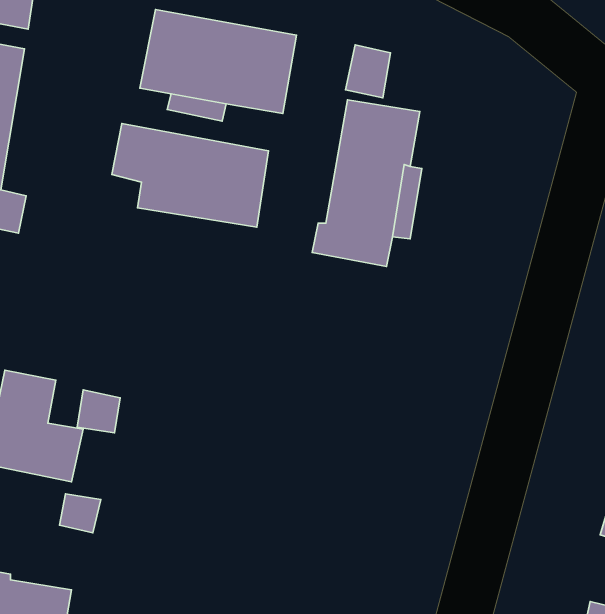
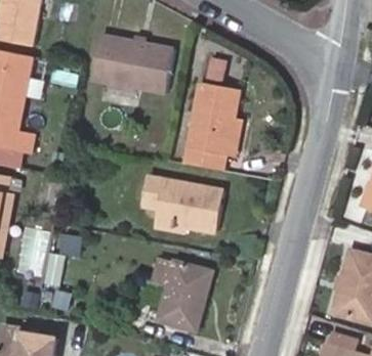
building: [112,123,269,227] -> [142,177,224,231]
building: none -> [152,258,212,331]

